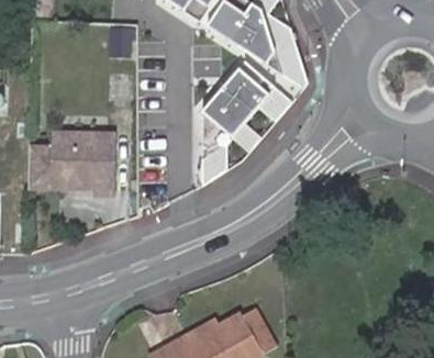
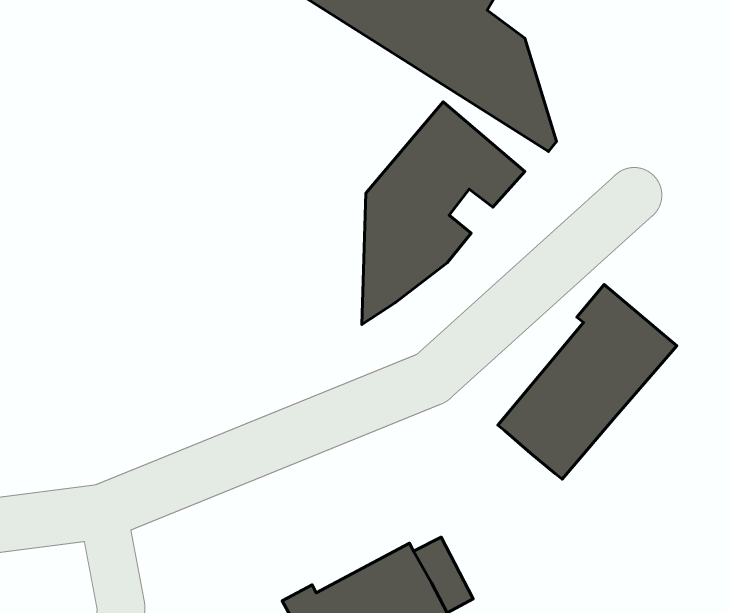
building: [26,134,111,197] -> none
building: none -> [498,284,677,479]

